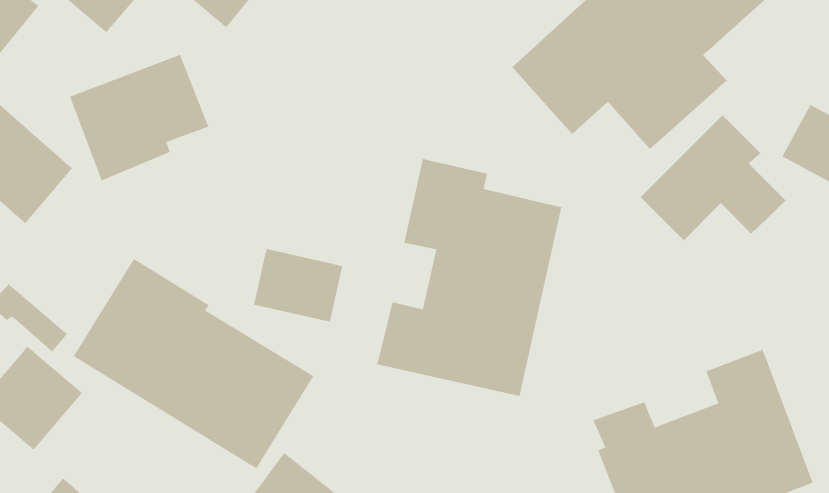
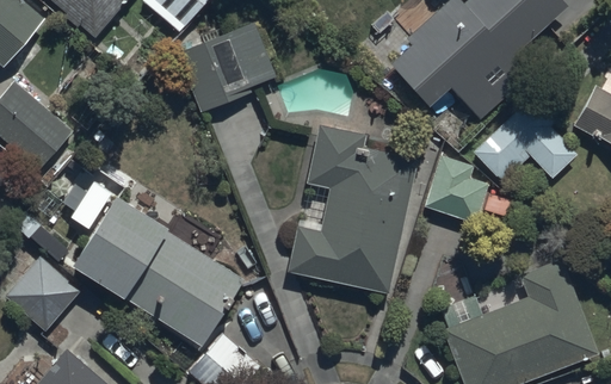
building: [69,54,209,181] -> [177,24,276,113]
building: none -> [424,155,512,224]
building: [254,248,343,322] -> none

